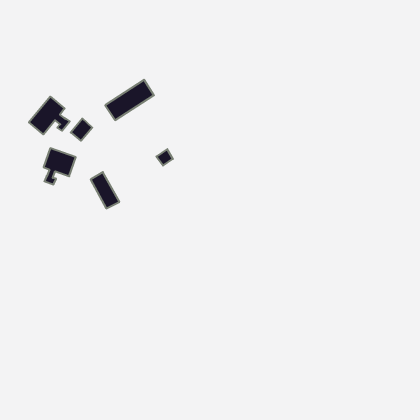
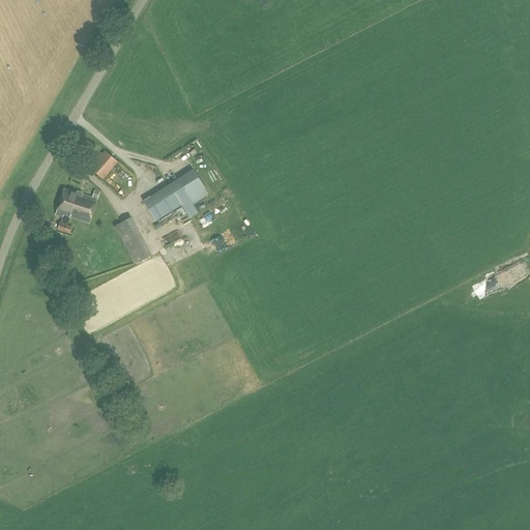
building: [105,80,154,120] -> [143,169,204,219]
building: [29,97,70,134] -> none

